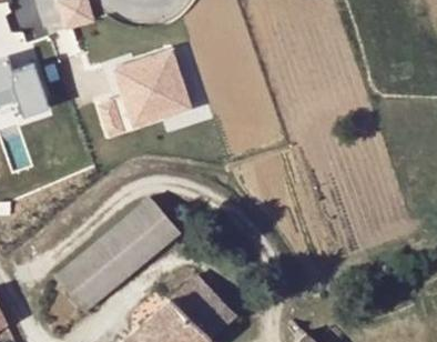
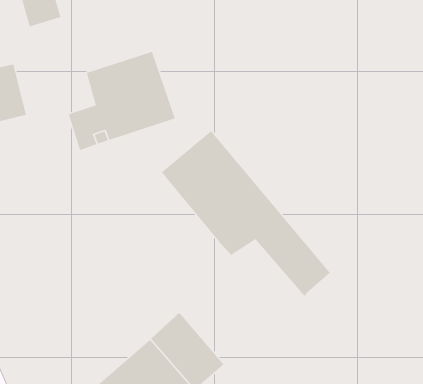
building: none -> [161,130,331,298]
building: [51,199,177,314] -> none

